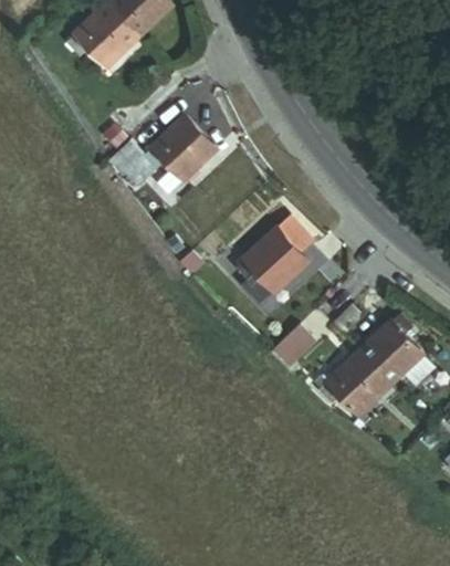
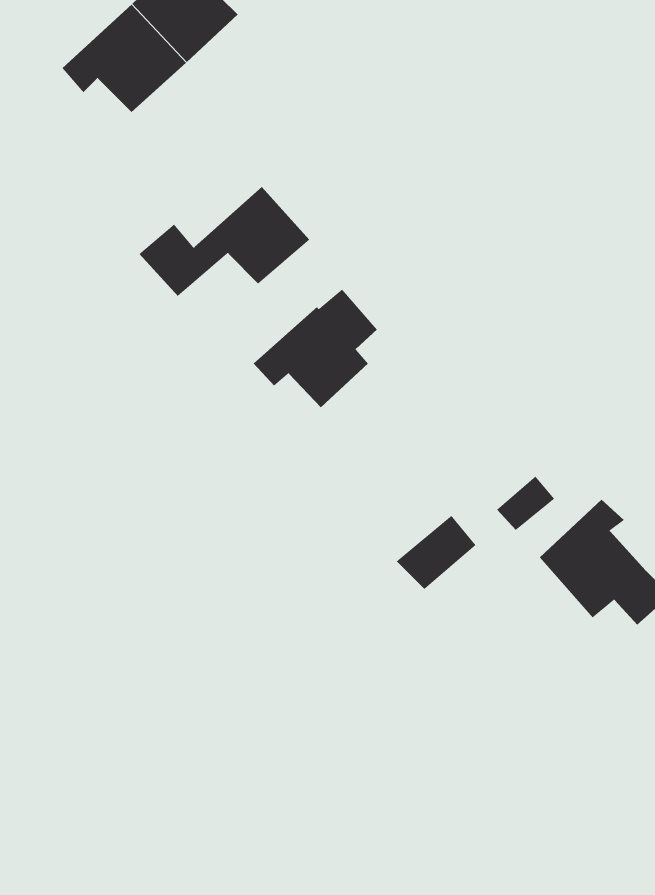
building: [234,217,312,291] -> [253,288,378,408]
building: [317,347,390,413] -> none

